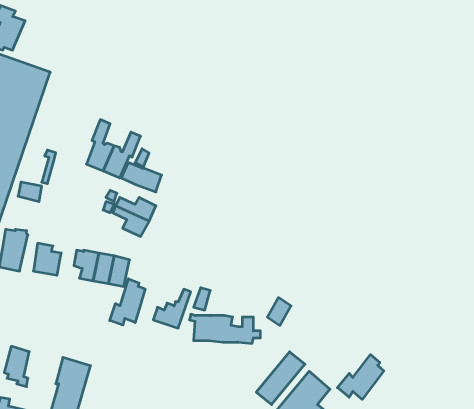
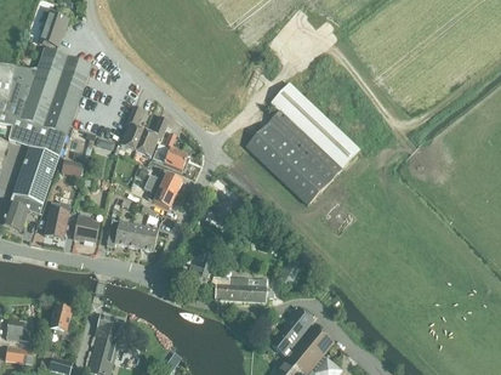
building: none -> [247,84,360,205]
building: [110,279,145,325] -> none
building: [337,355,384,399] -> none

